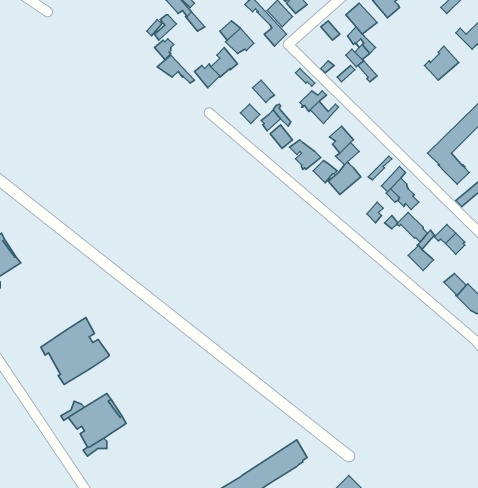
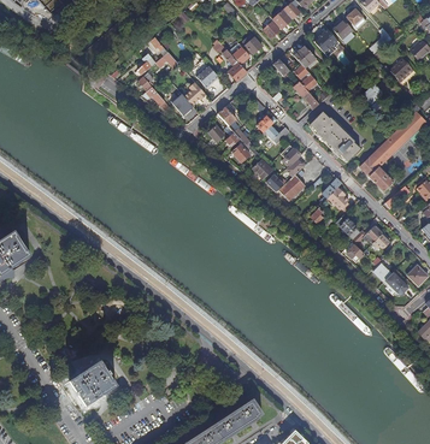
building: none -> [308,111,359,160]
building: [41,317,109,384] -> none

